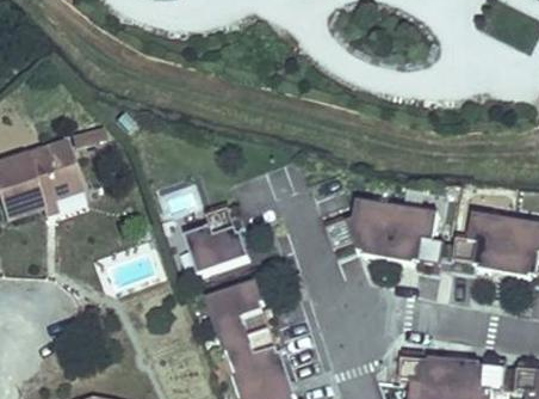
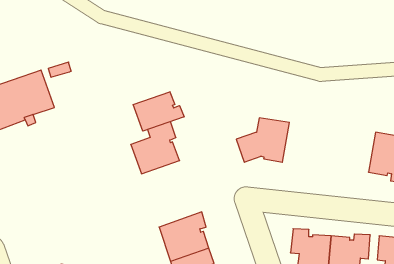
building: none -> [133,92,184,131]
building: [388,205,444,274] -> none
building: [452,213,513,274] -> none
building: [205,280,279,346] -> none

